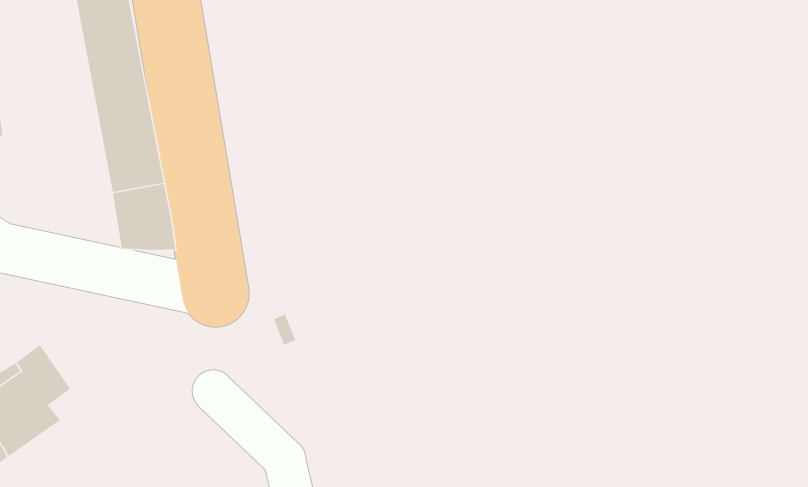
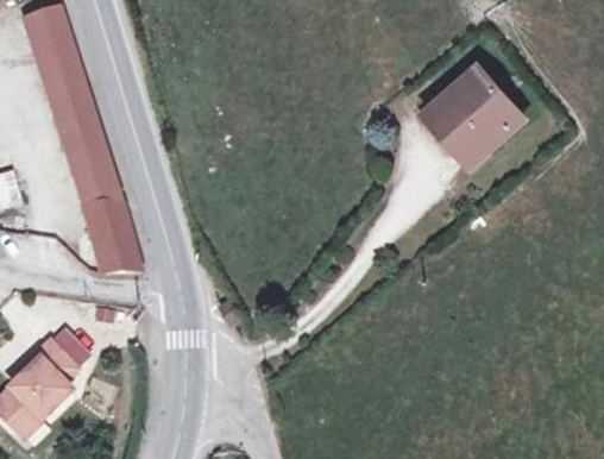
building: none -> [424,64,517,157]

